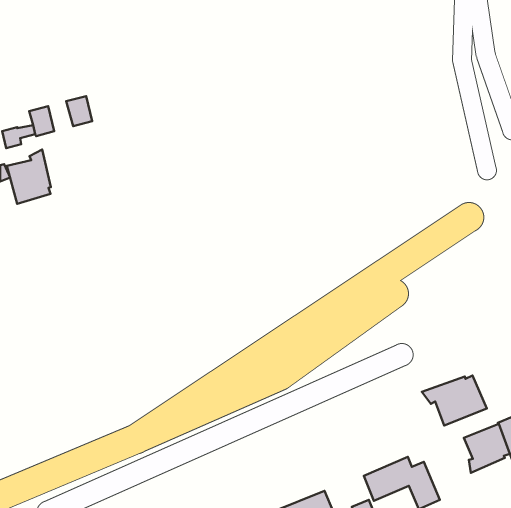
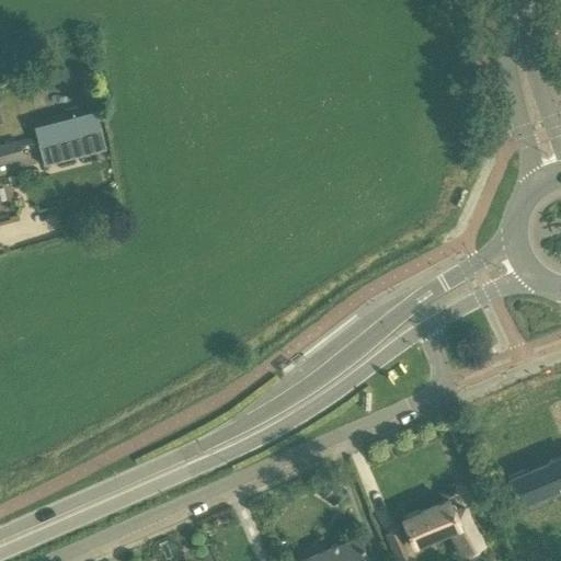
building: none -> [54,115,81,148]
building: [7,150,51,204] -> none
building: [422,376,487,426] -> none

